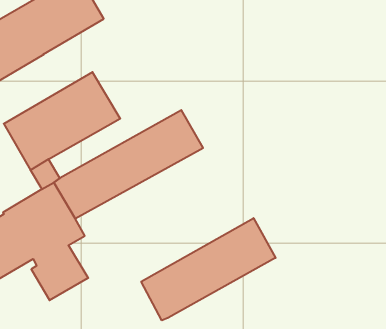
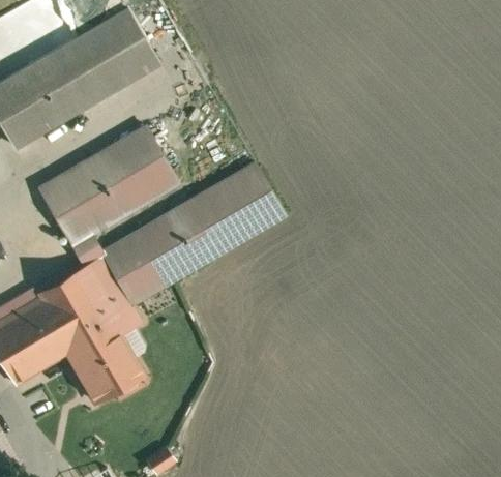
building: [141,218,276,320] -> none

